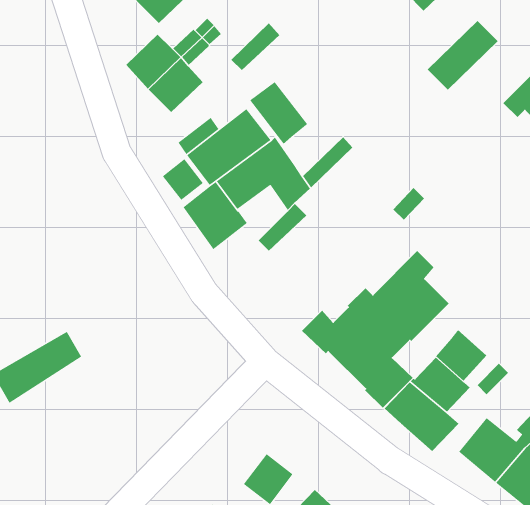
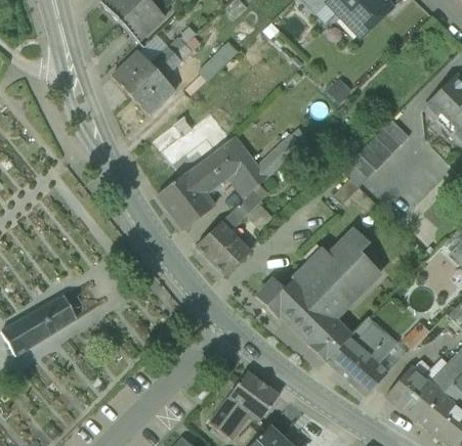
building: [427,20,499,91] -> [350,119,410,177]
building: [249,81,308,145] -> none
building: [162,158,204,201] -> none
building: none -> [197,221,251,275]
building: [435,329,487,381] -> none
building: none -> [228,371,279,420]

